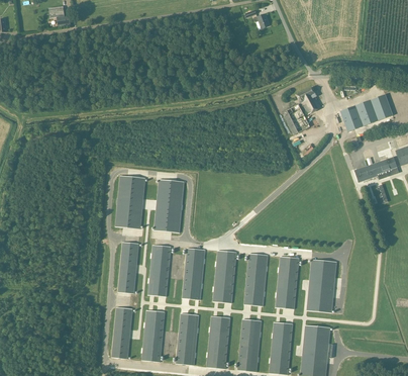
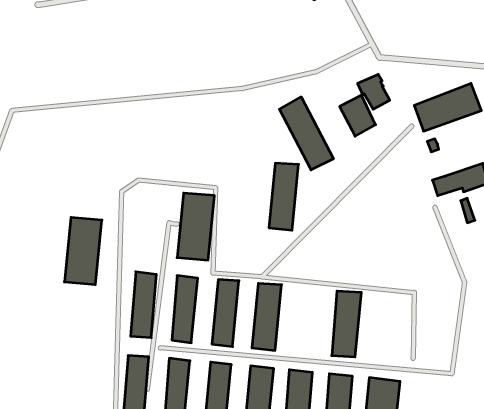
building: none -> [279,97,333,170]
building: [115,176,144,228] -> [64,217,102,285]
building: [244,254,268,306] -> [269,163,299,230]
building: [307,259,336,312] -> none

